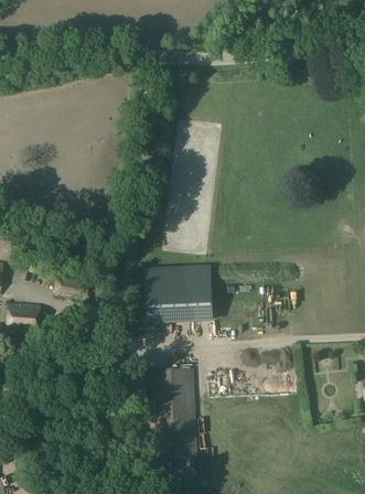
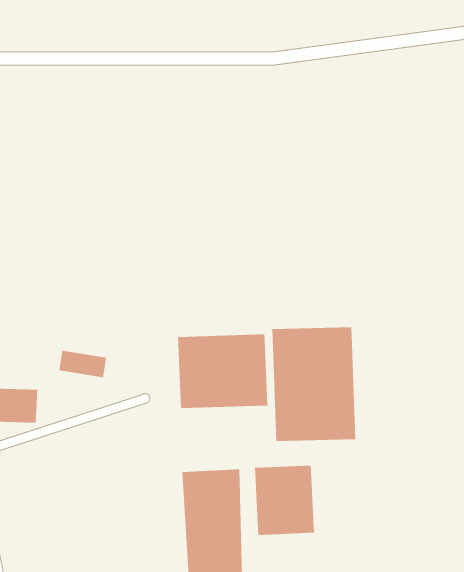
building: none -> [272,327,356,442]
building: none -> [255,465,315,536]

